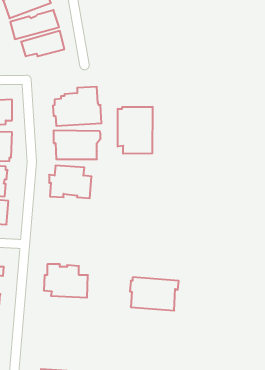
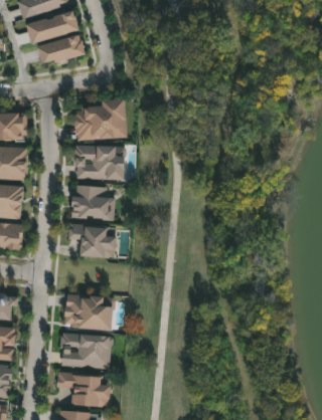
building: [118,107,153,154] -> none
building: none -> [66,224,115,258]
building: [130,277,179,311] -> [59,333,114,370]
building: none -> [55,372,109,408]

